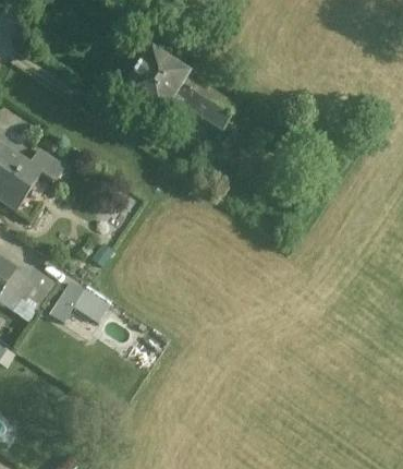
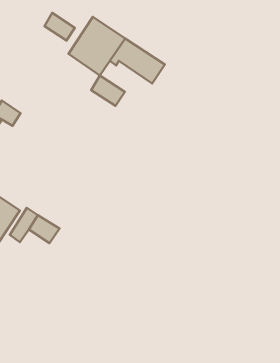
building: none -> [44,13,75,40]
building: none -> [91,75,125,106]

